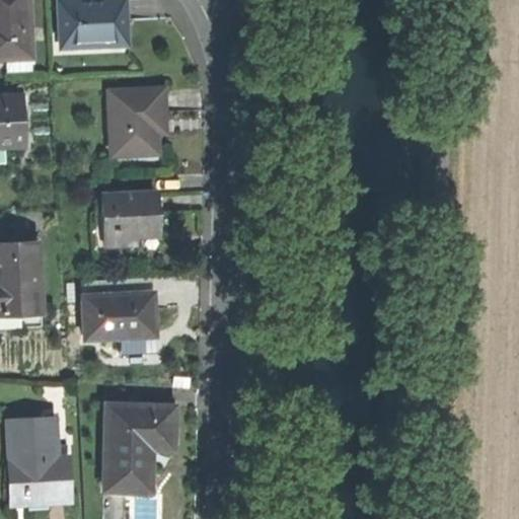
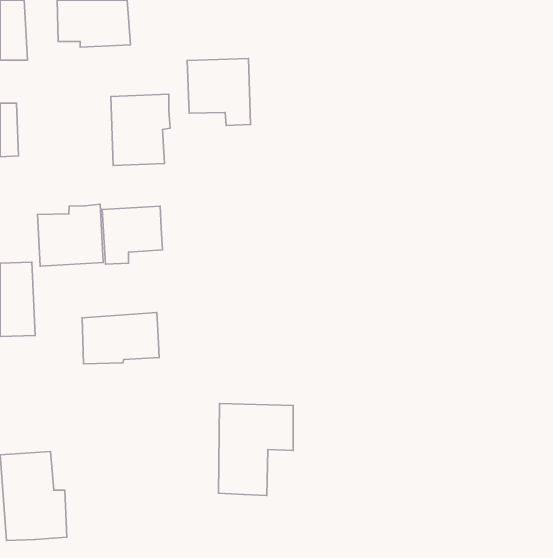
building: none -> [187,59,250,126]
building: none -> [38,204,103,266]
building: [106,402,175,488] -> [218,403,293,496]

